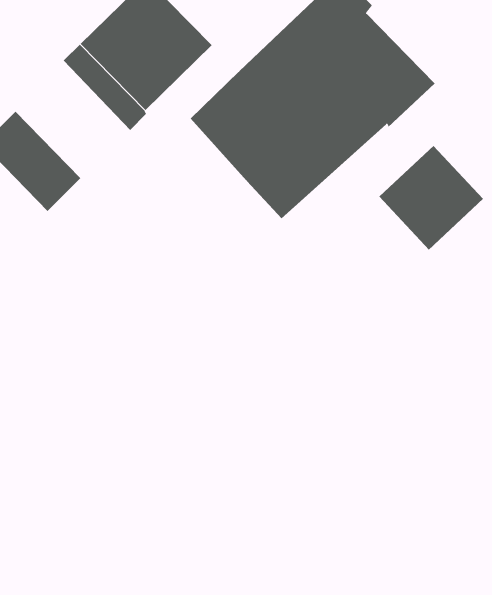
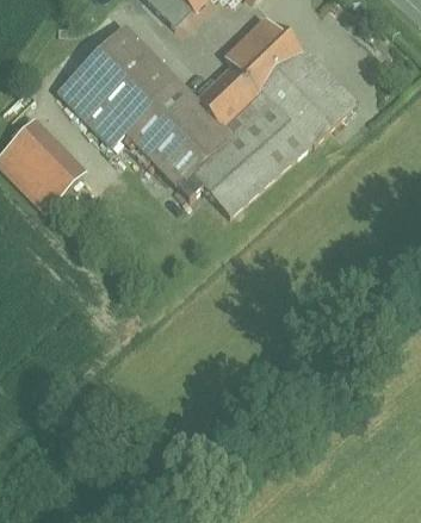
building: none -> [123,76,202,195]
building: [378,145,484,250] -> none

